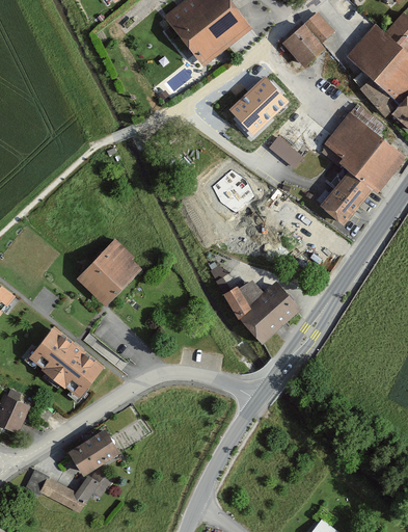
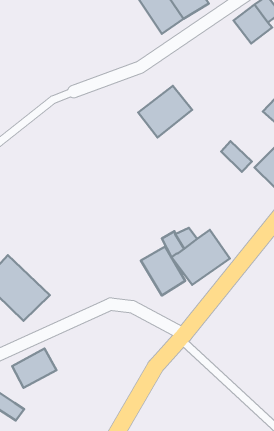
building: [228,71,289,130] -> [138,86,192,137]
building: [269,133,304,166] -> [221,141,252,172]
building: [75,239,143,308] -> none
building: none -> [141,246,185,295]
building: [75,469,112,498] -> none

